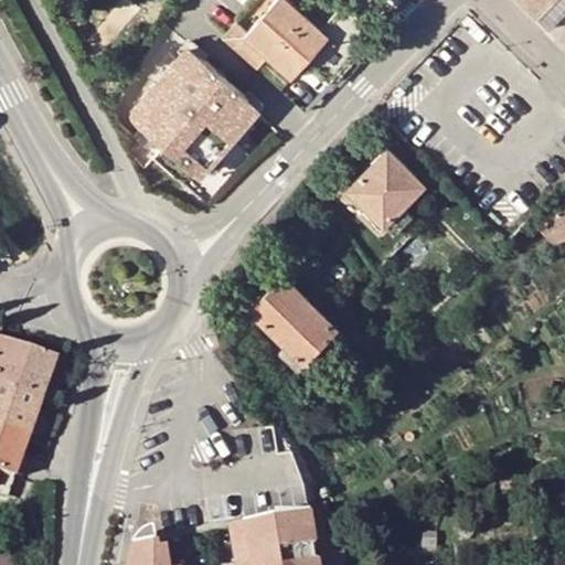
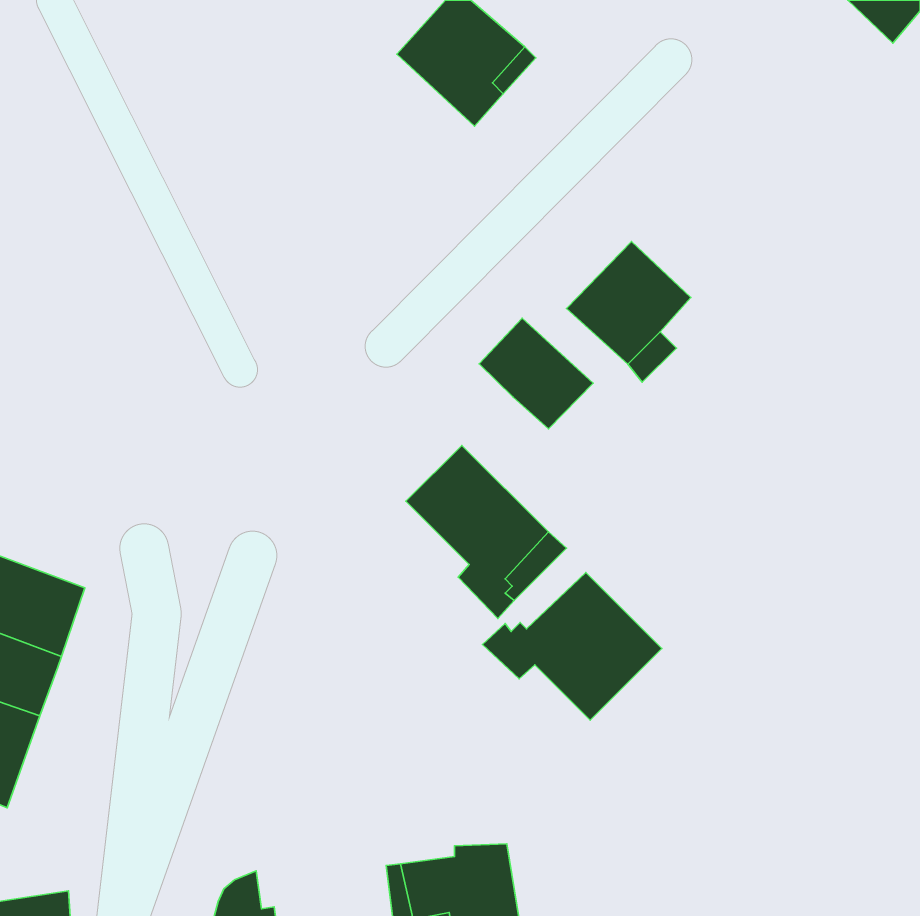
building: [127,45,264,181] -> none
building: none -> [479,318,593,429]
building: none -> [482,573,662,720]

